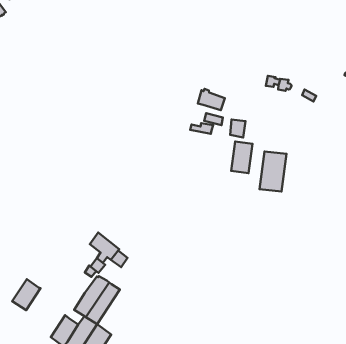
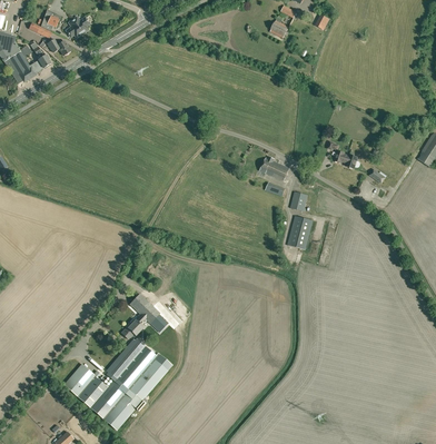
building: [259,151,286,191] -> none
building: [12,279,41,310] -> [65,364,96,396]
building: none -> [128,352,172,401]

